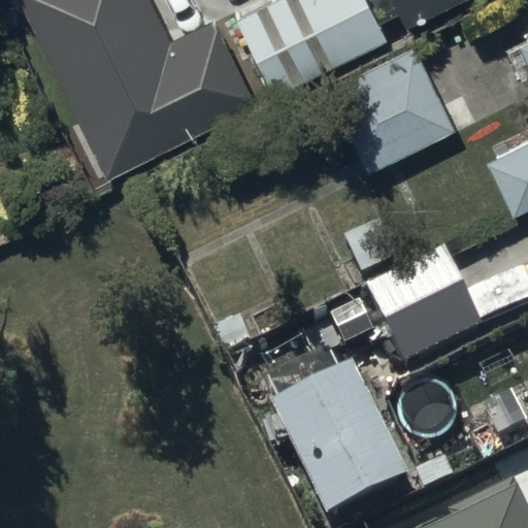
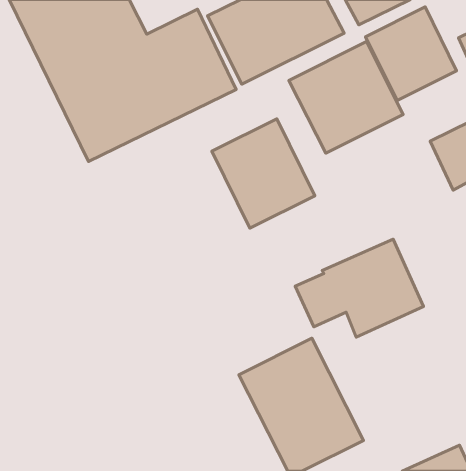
building: none -> [366,7,457,101]
building: none -> [212,119,315,228]

